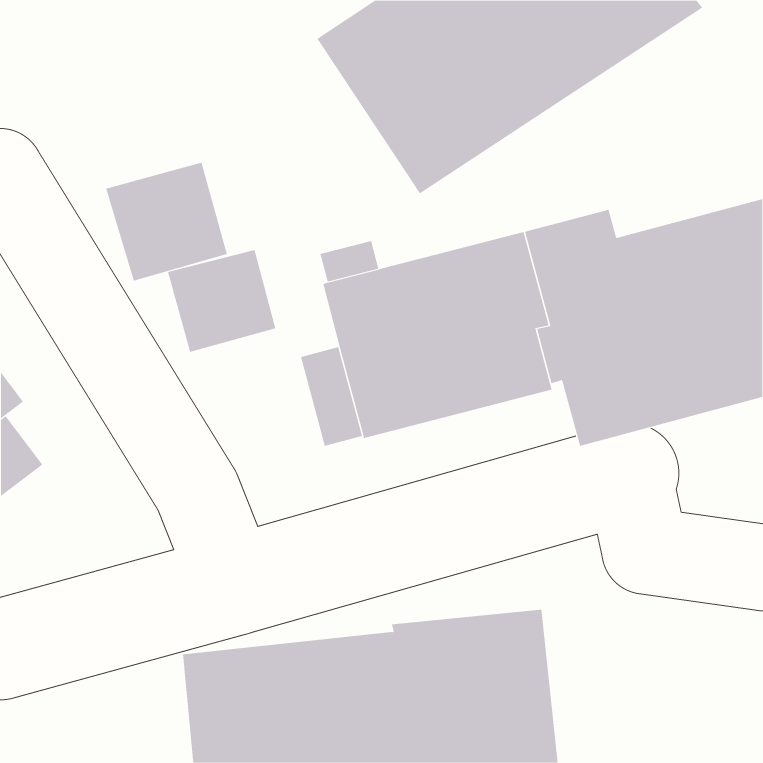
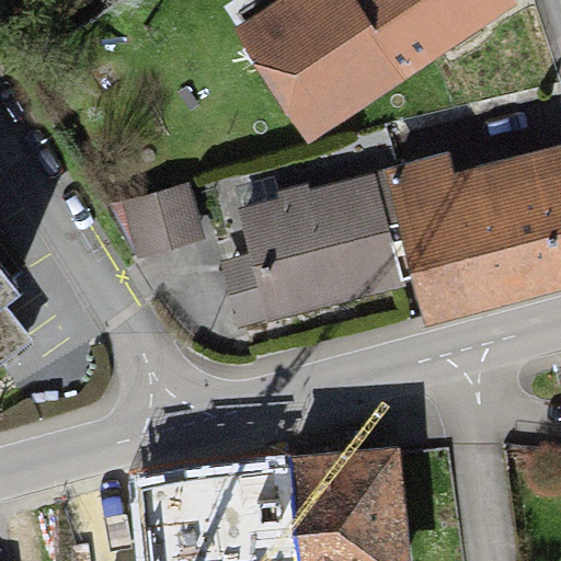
building: [105,162,227,281] -> none

